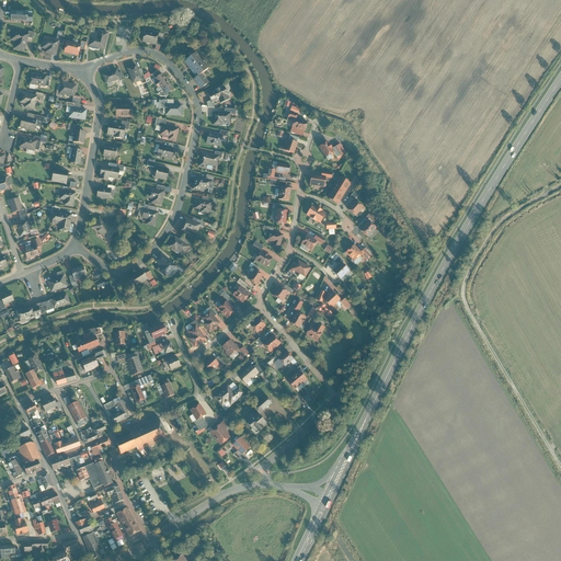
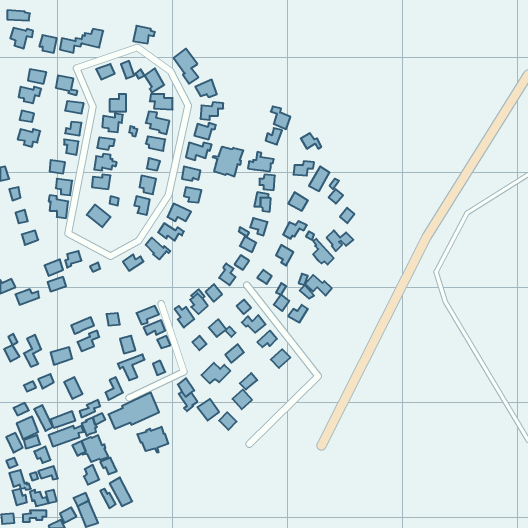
building: none -> [213,147,243,177]
building: none -> [137,427,168,452]

